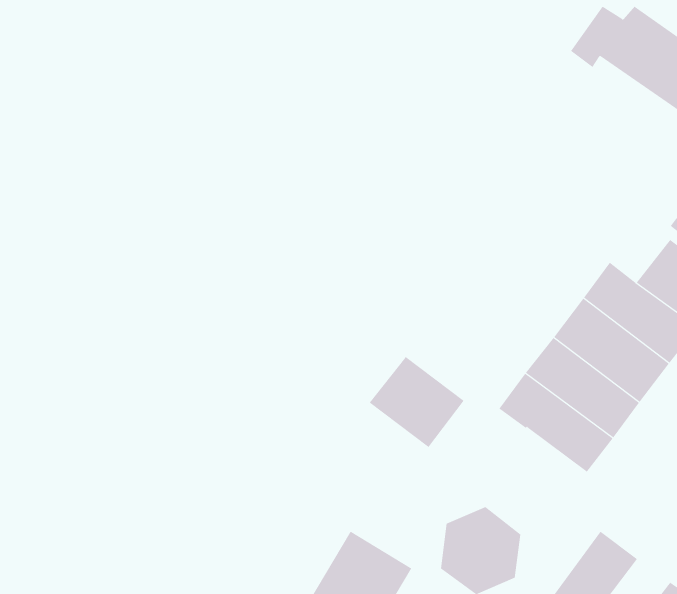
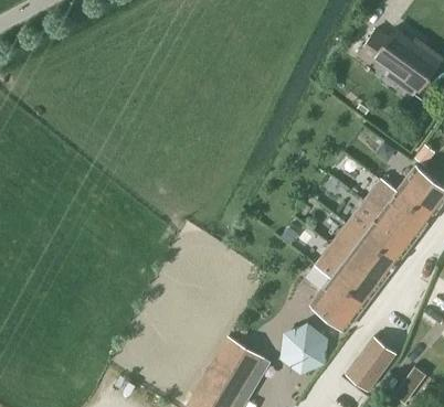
building: [369,356,465,448] -> [310,277,367,331]

